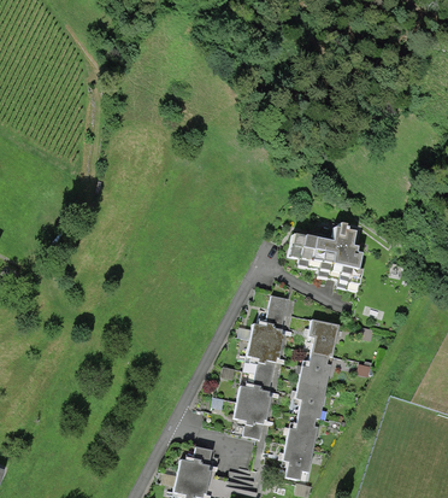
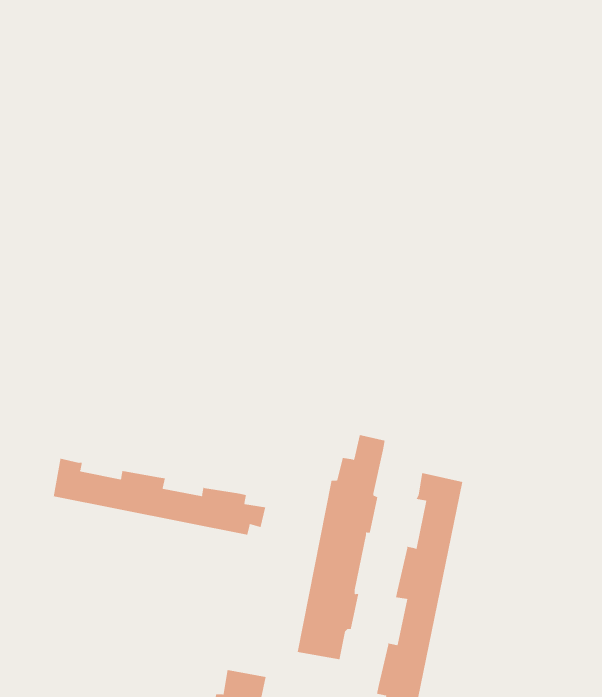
building: [289,224,362,292] -> none
building: none -> [53,458,266,535]

